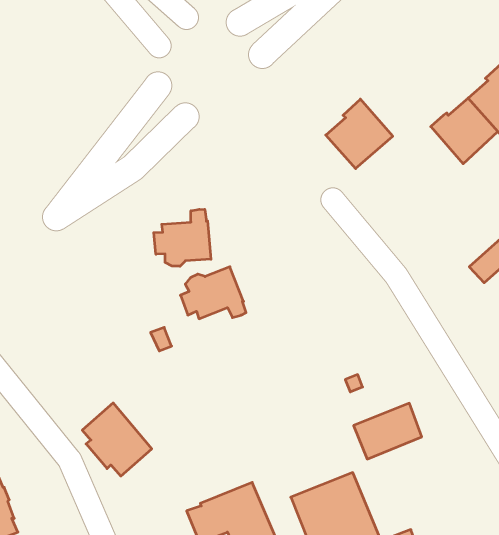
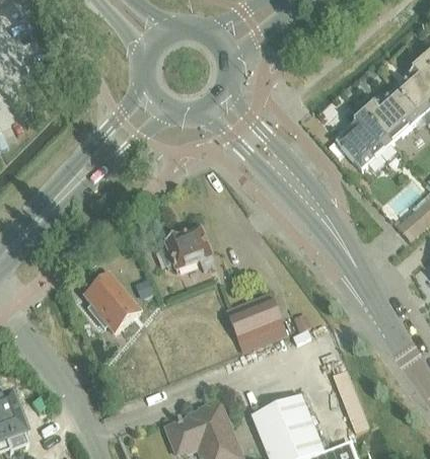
building: [326,99,393,169] -> [337,111,391,168]
building: [154,209,211,266] -> none
building: [82,403,152,476] -> [83,272,140,331]
building: [354,403,422,459] -> [227,296,283,341]

